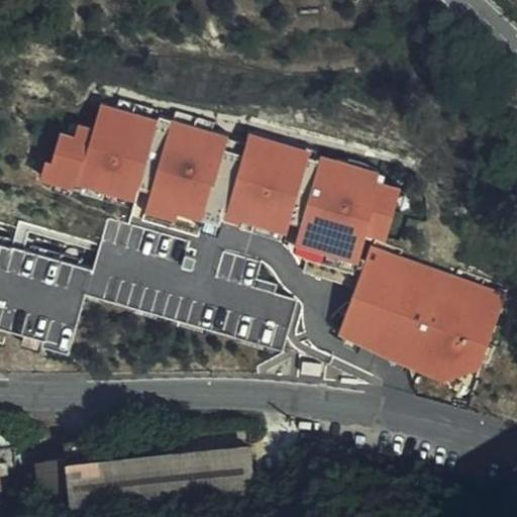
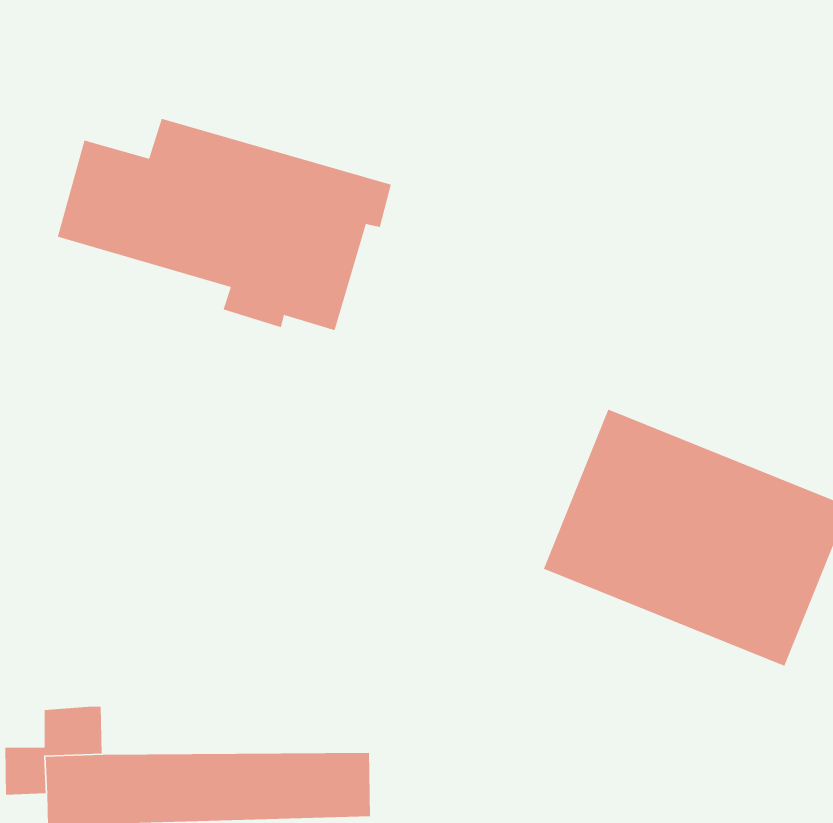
building: [221,135,403,260] -> none

